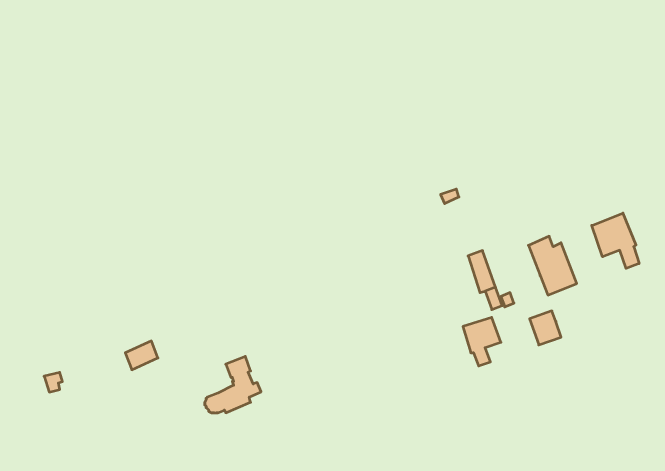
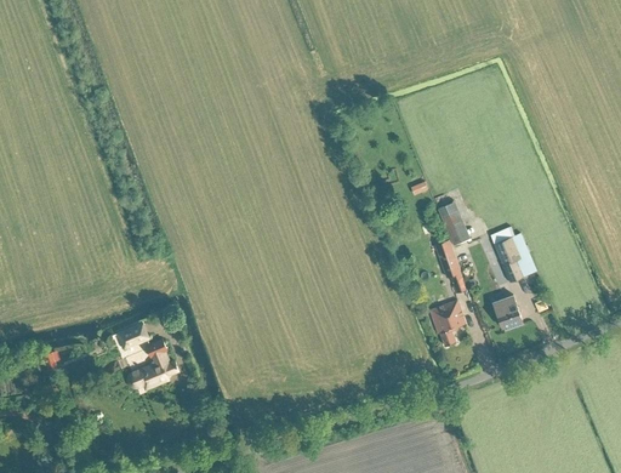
building: [592,213,639,268] -> none
building: none -> [440,209,469,245]
building: [205,356,261,413] -> [125,336,177,388]

